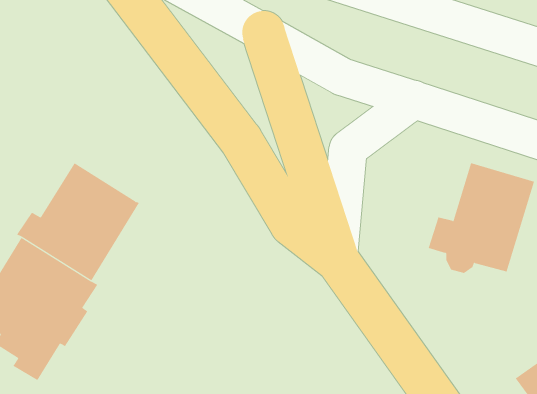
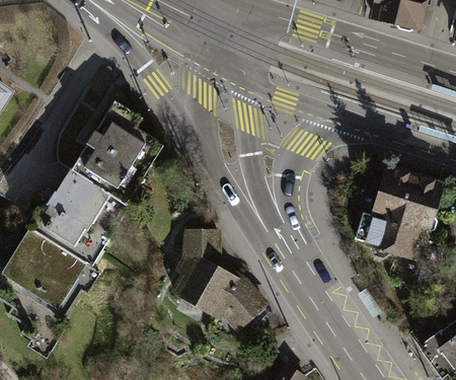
building: none -> [71,99,157,199]
building: none -> [174,229,264,322]

